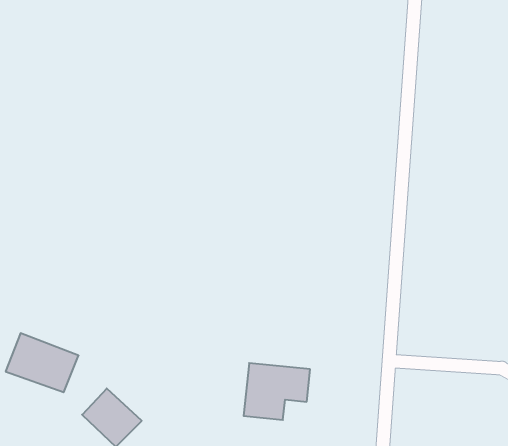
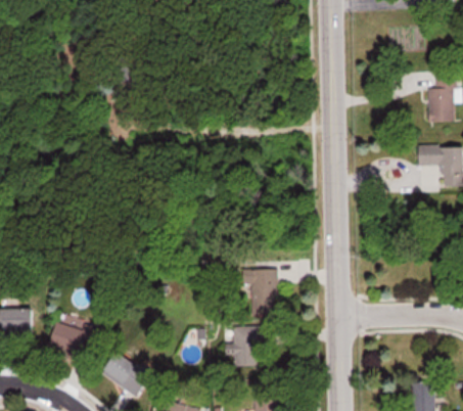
building: none -> [242,270,276,315]

